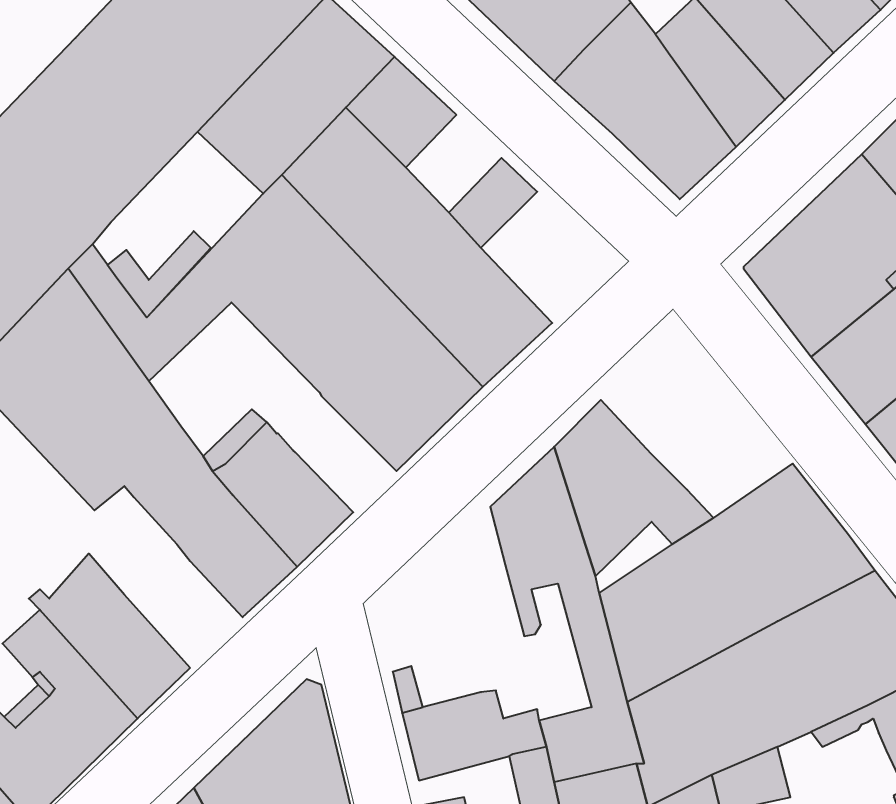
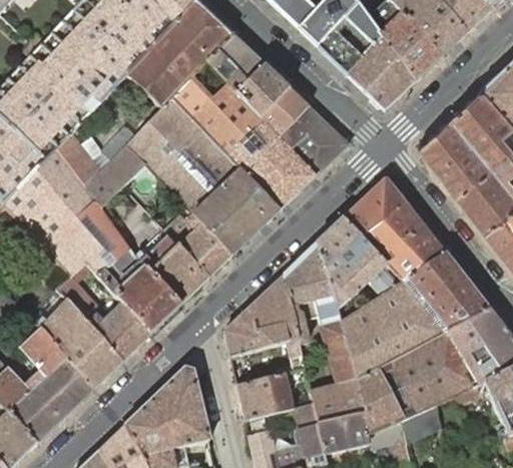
building: none -> [238,63,290,115]
building: none -> [279,104,349,174]
building: none -> [343,176,445,279]
building: none -> [170,211,233,276]
building: none -> [58,262,151,359]
building: none -> [224,273,305,372]

